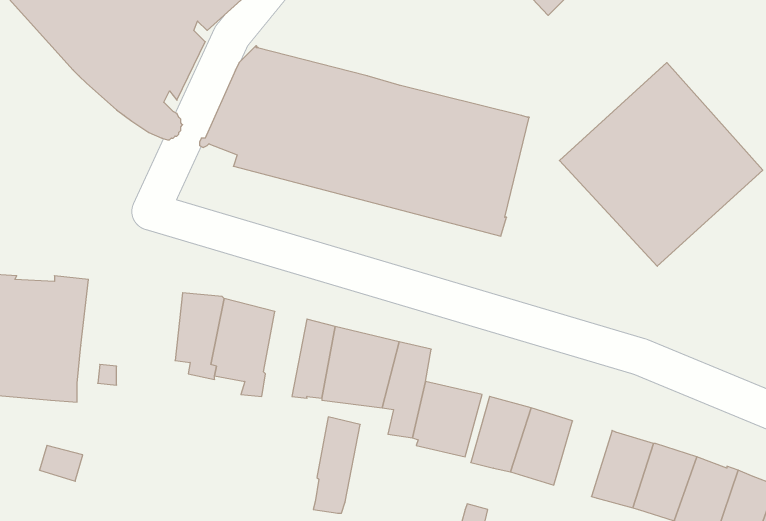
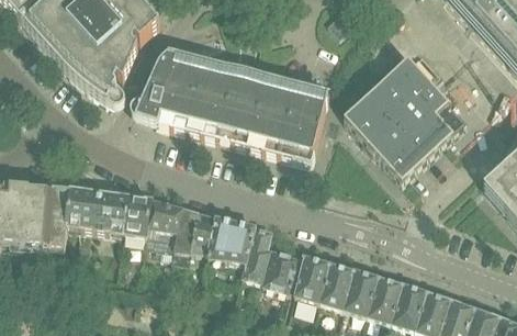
building: none -> [65,188,124,235]
building: [313,417,360,513] -> [169,206,196,262]
building: none -> [340,269,374,314]

